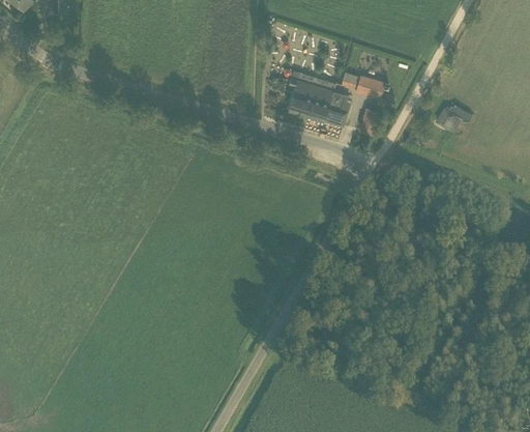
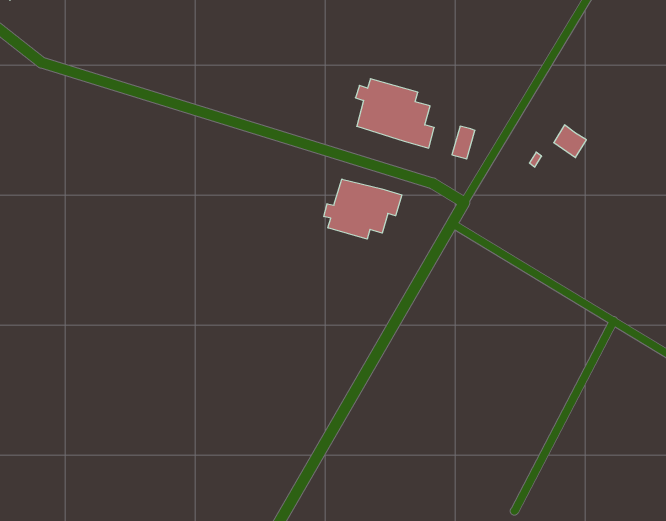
building: [338,71,382,98] -> none
building: none -> [324,179,402,239]

